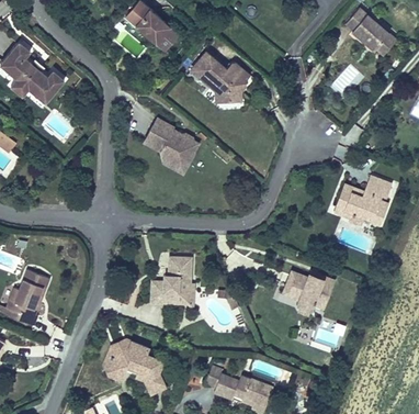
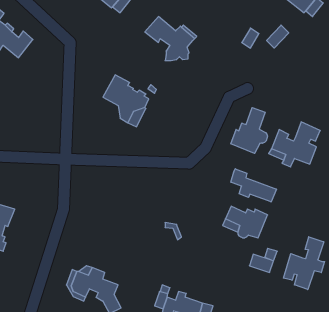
building: none -> [231,108,268,153]
building: none -> [231,169,276,202]
building: [150,255,193,303] -> none
building: none -> [283,237,325,290]

